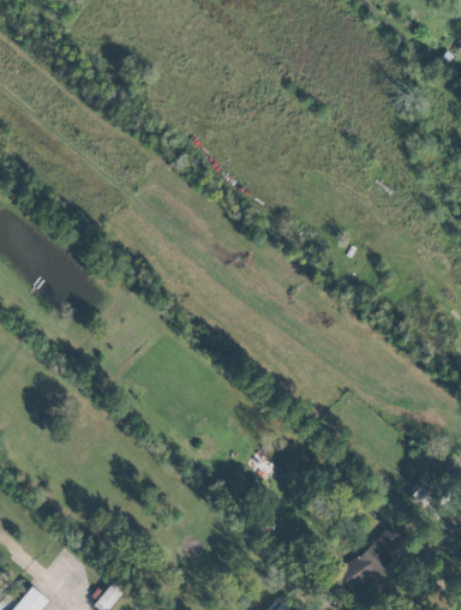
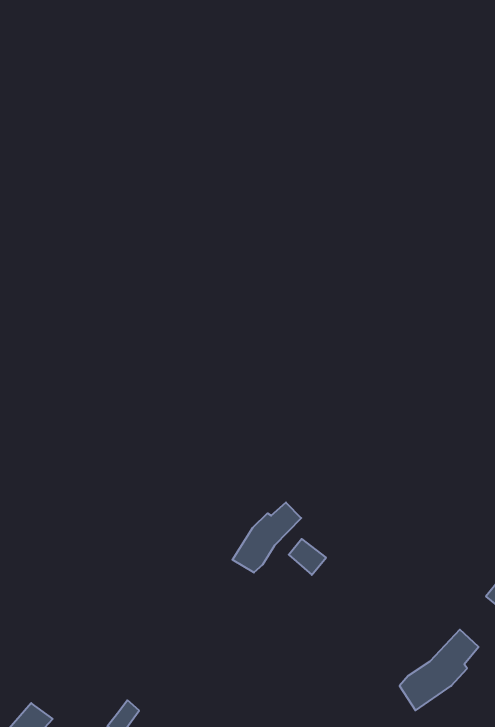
building: none -> [232,502,301,573]

